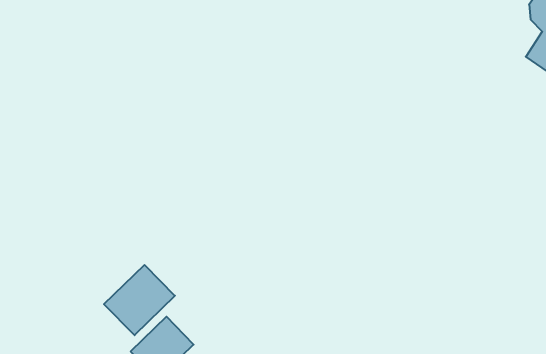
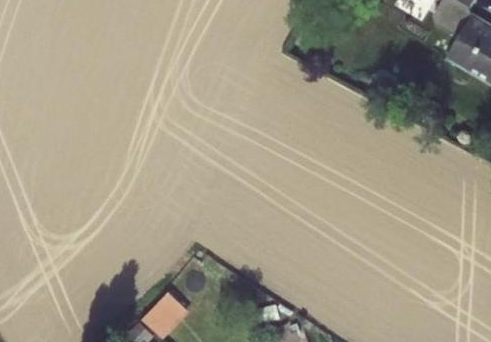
building: [104,265,175,335] -> none

